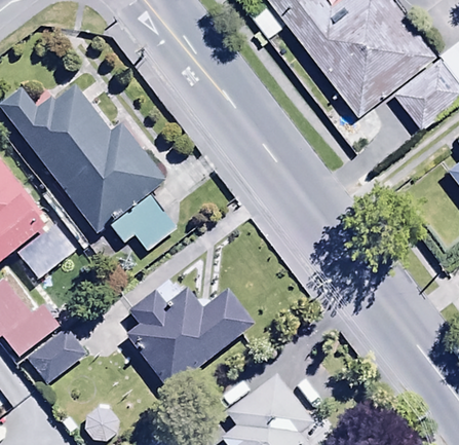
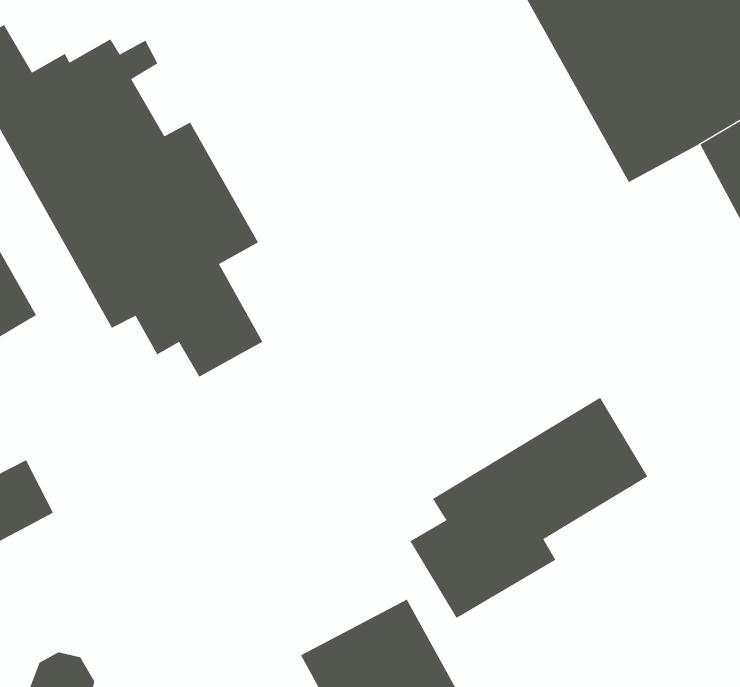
building: none -> [410,397,648,619]
building: [124,288,255,393] -> none

